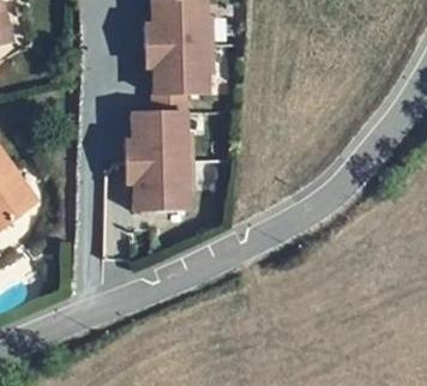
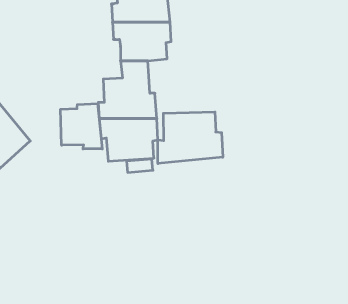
building: none -> [61,104,102,149]
building: none -> [158,112,223,164]

